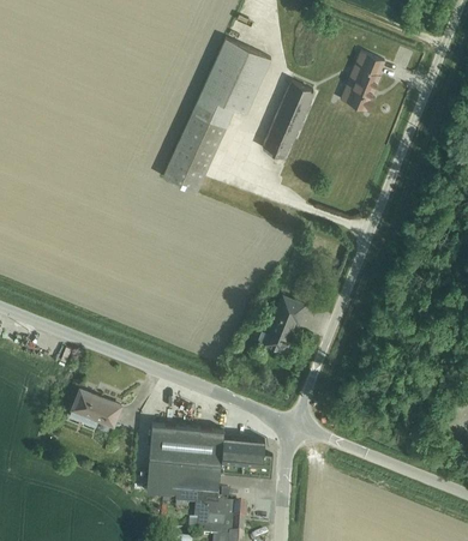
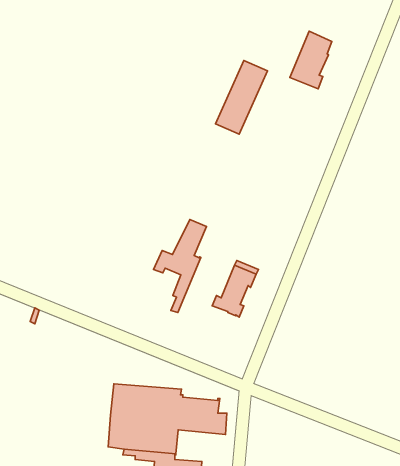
building: [162,37,271,191] -> none
building: none -> [154,219,206,313]
building: [68,387,121,426] -> none

